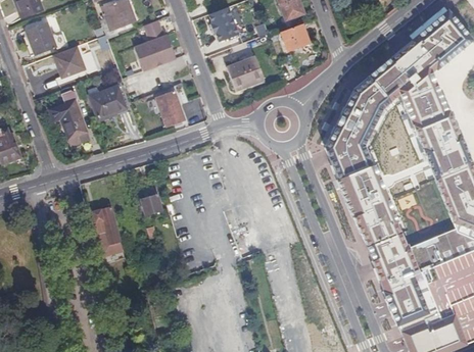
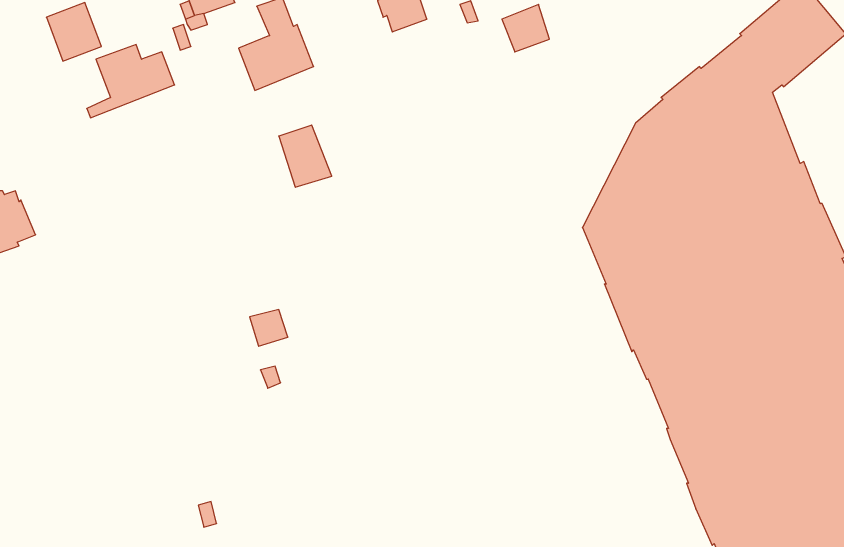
building: [229,56,264,89] -> none
building: [89,86,127,120] -> none
building: [50,92,85,146] -> none
building: [92,207,121,254] -> none

